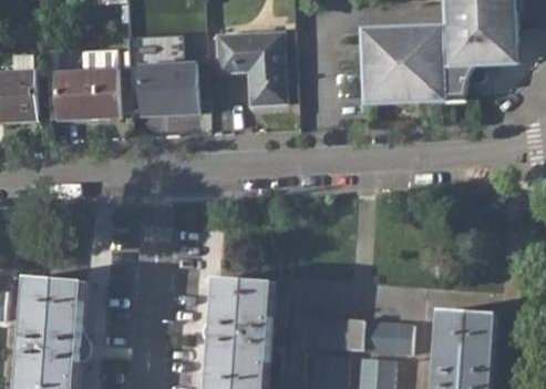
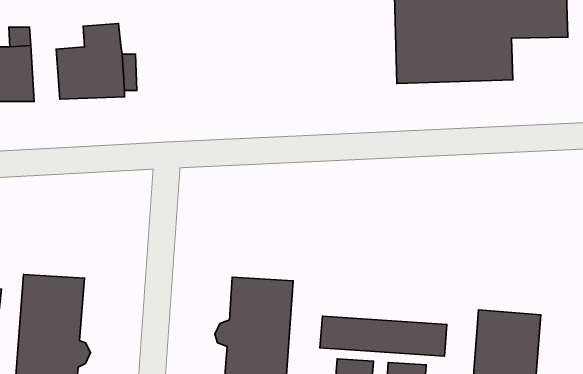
building: [213,35,284,106] -> none
building: [137,63,194,115] -> none

